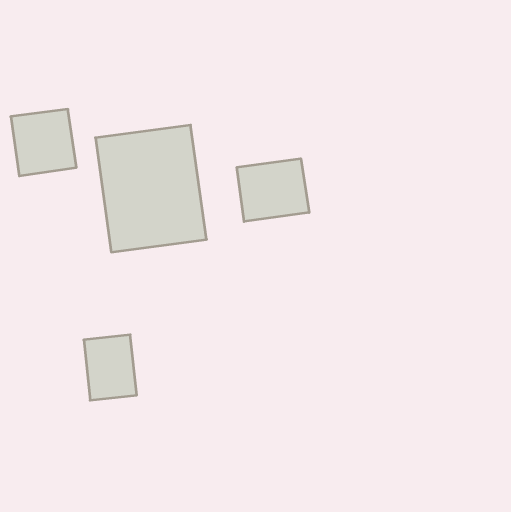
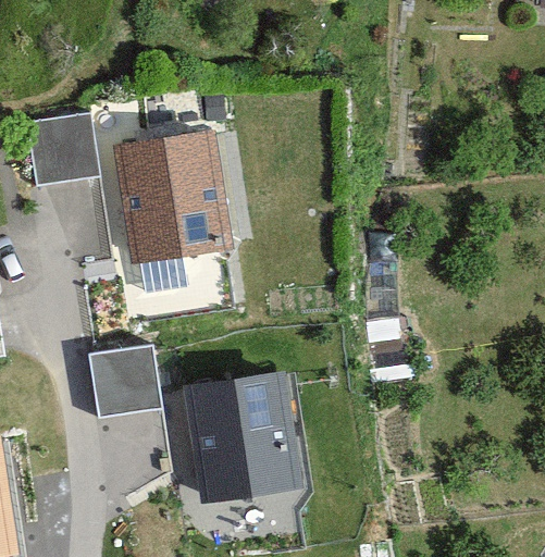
building: [237,159,309,222] -> none
building: none -> [186,374,299,500]

